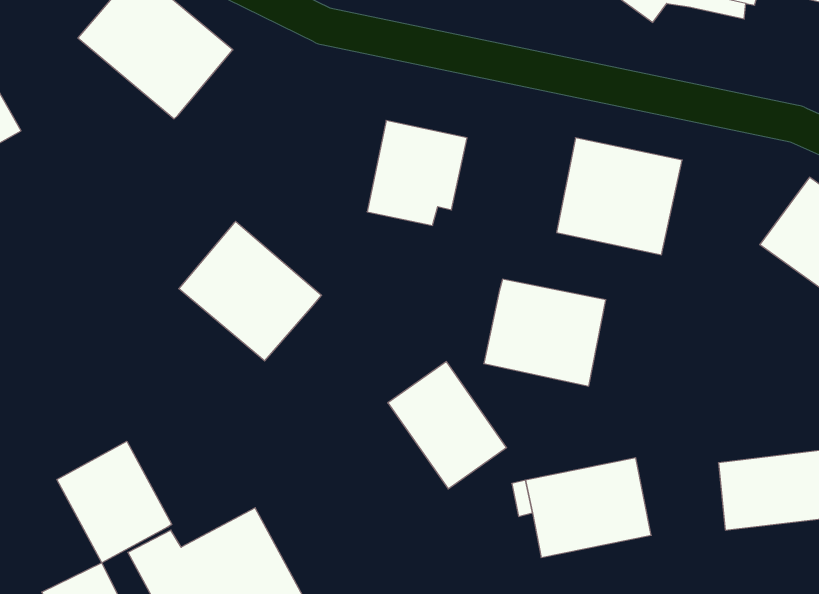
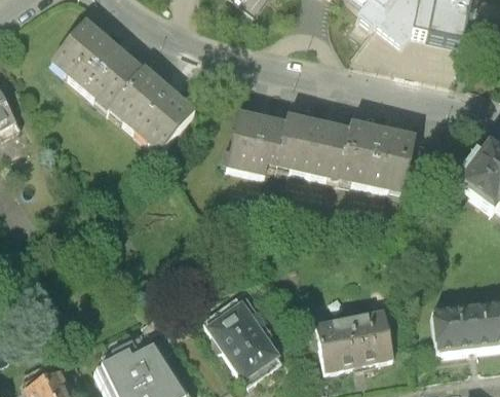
building: [179,221,322,361] -> [112,65,197,148]
building: [484,279,606,386] -> [275,111,348,175]
building: [388,362,507,489] -> [206,299,277,375]
building: [57,441,172,563] -> none

